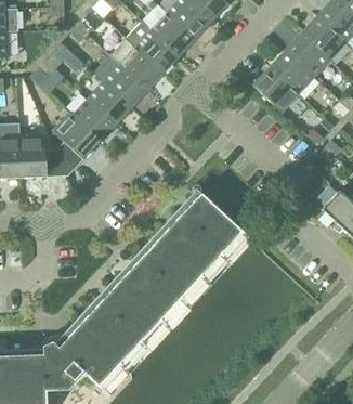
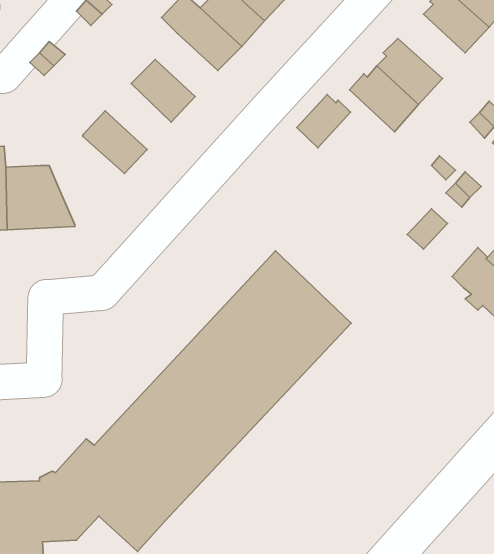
building: [285,32,330,76] -> none
building: [109,35,164,88] -> none
building: [88,79,132,123] -> none
building: none -> [297,95,351,148]
building: [53,112,101,174] -> none

